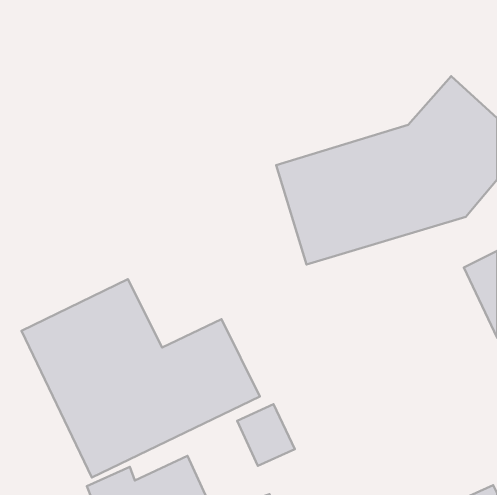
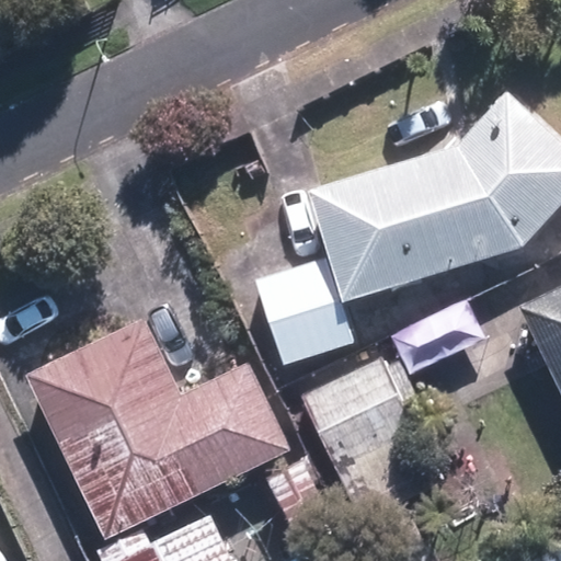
building: none -> [256,257,354,365]
building: none -> [301,359,440,523]

